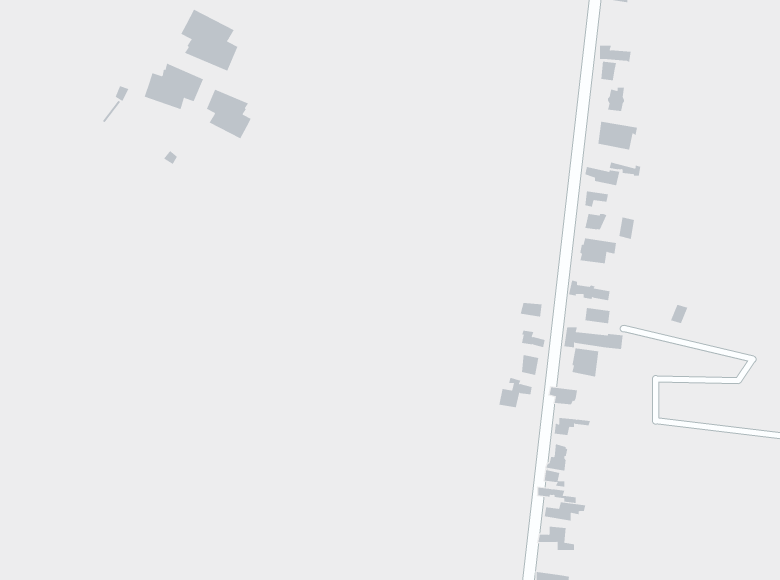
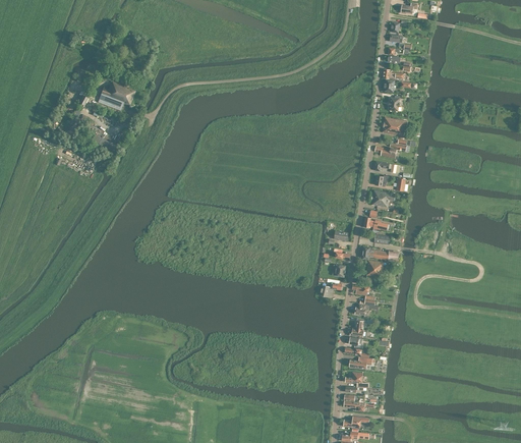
building: [180,9,238,72] -> none
building: [206,89,251,139] -> none

